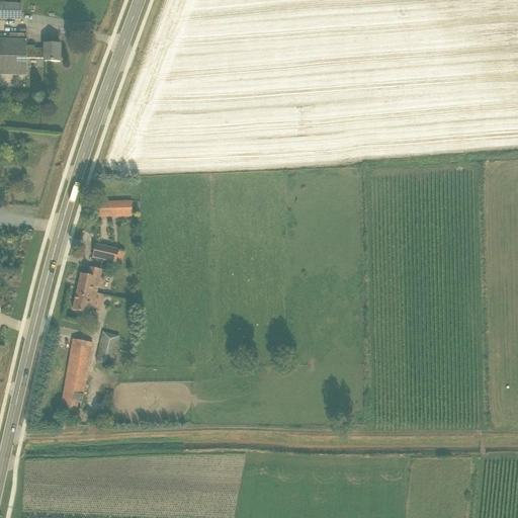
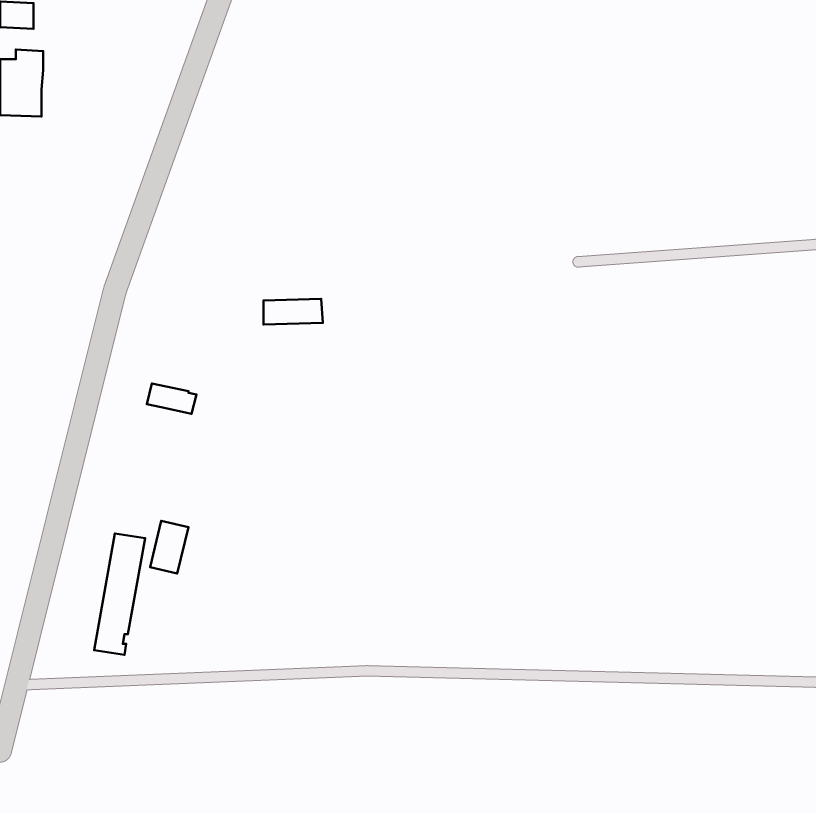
building: [26,44,61,60] -> none
building: [95,199,133,215] -> [264,299,323,325]
building: [73,266,103,312] -> none

